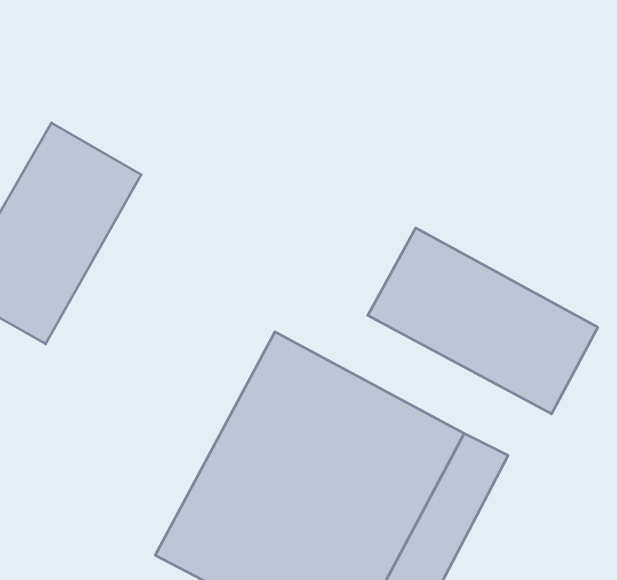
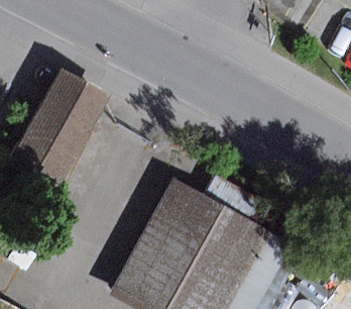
building: [368,228,598,414] -> none

